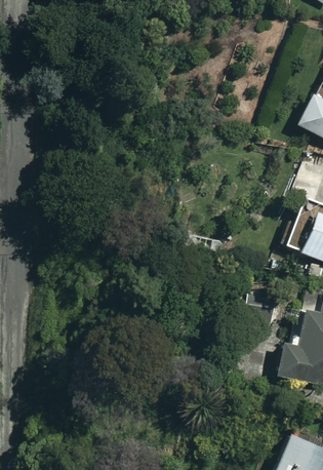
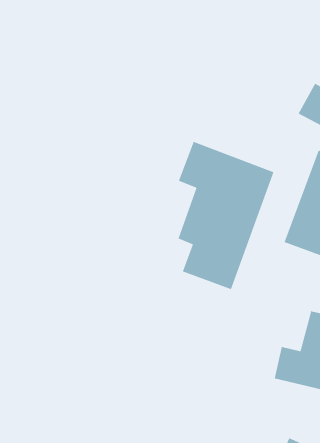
building: none -> [178,141,275,290]

